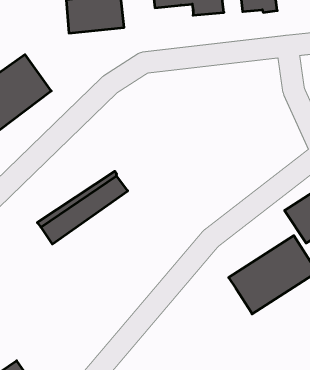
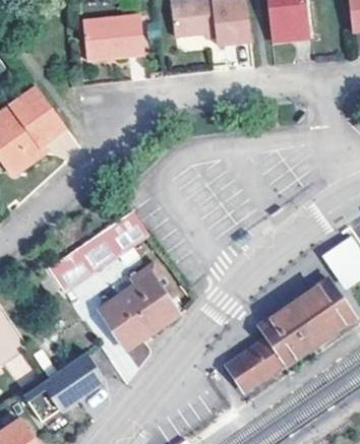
building: none -> [102,272,181,350]
building: none -> [223,340,281,392]
building: none -> [25,352,107,423]

